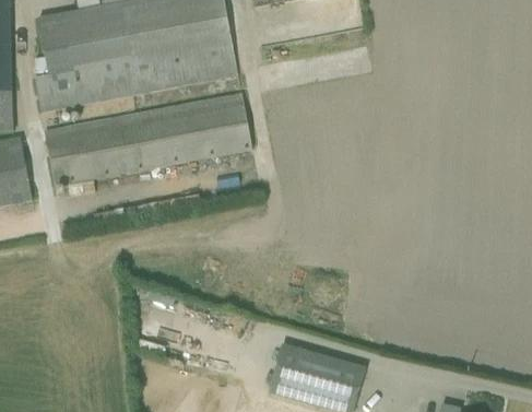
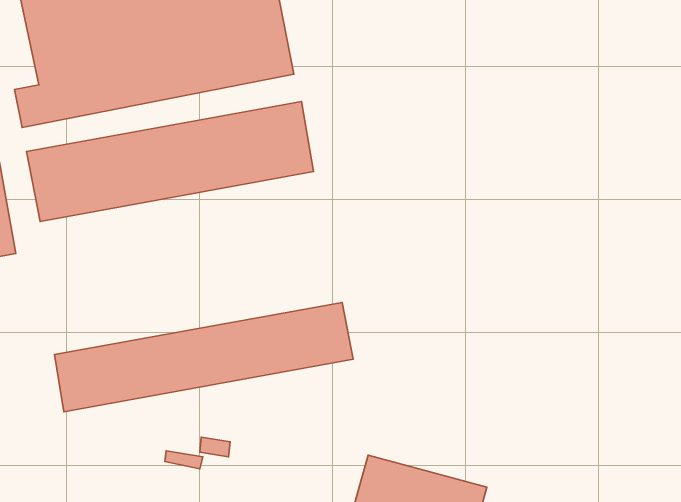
building: none -> [55,302,353,412]

